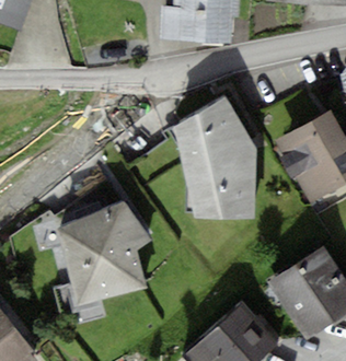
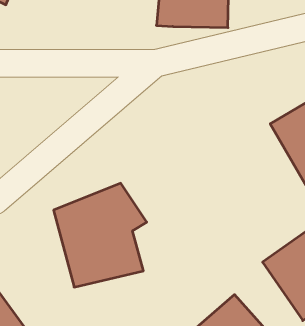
building: [171,89,254,211] -> none

